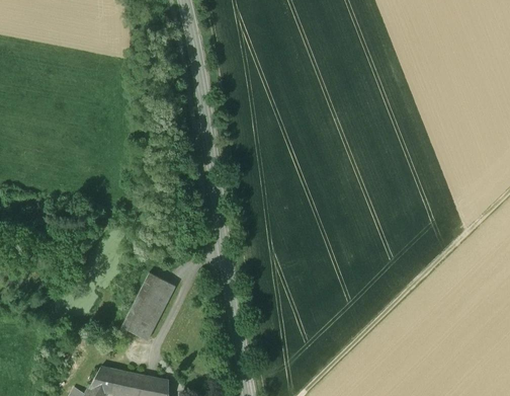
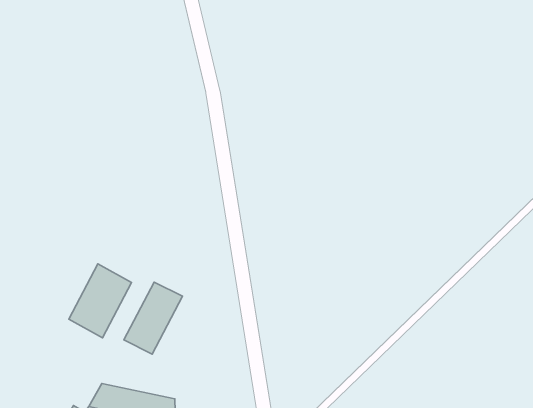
building: none -> [69,264,132,338]

